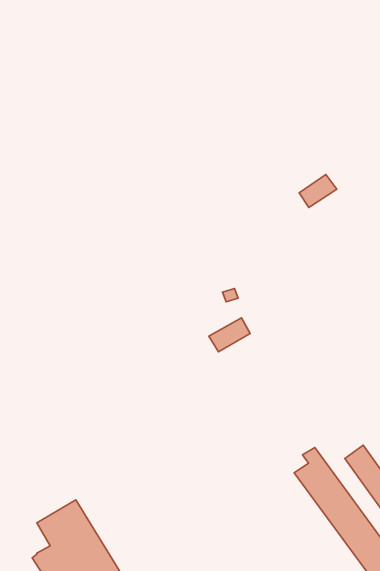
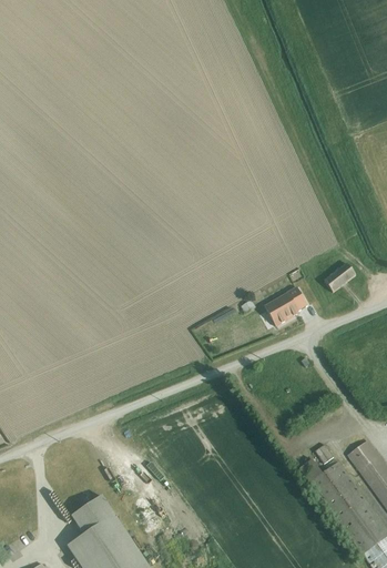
building: [299,175,337,207] -> [323,258,357,288]
building: [209,318,250,352] -> [269,286,307,317]

